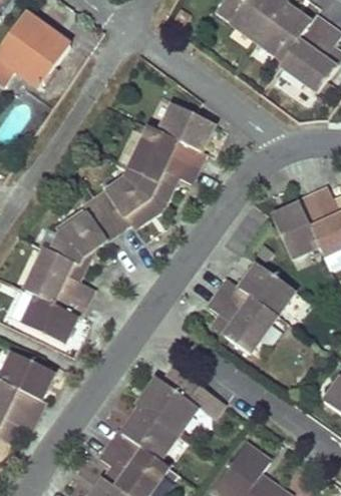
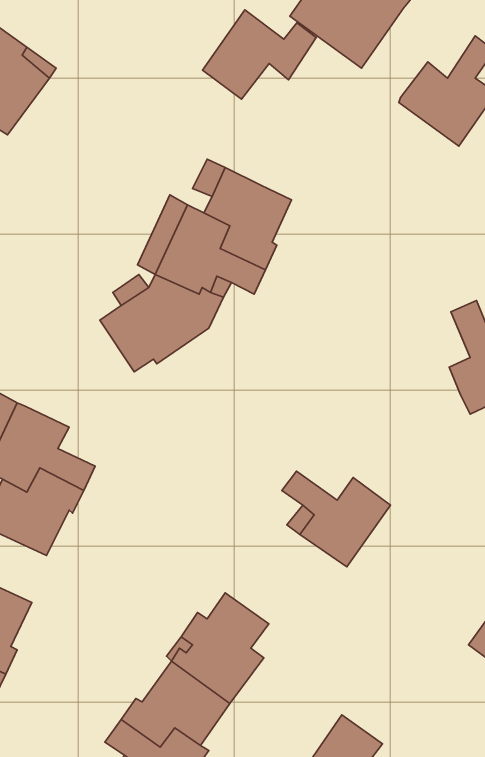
building: [258,7,328,62] -> [203,10,316,99]
building: [273,194,325,259] -> none
building: [50,199,117,266] -> none
building: [218,266,294,314] -> none

